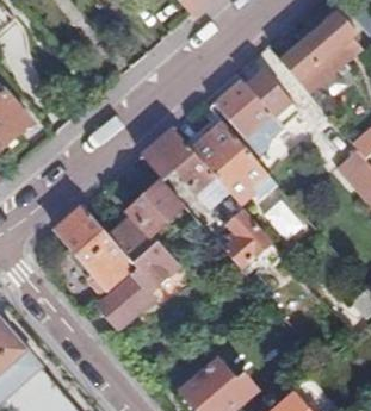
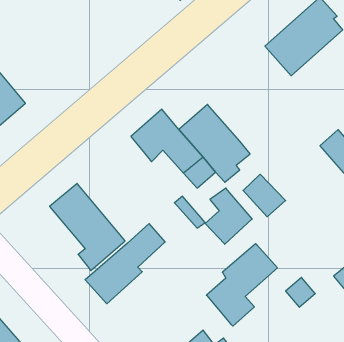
building: [209,74,301,161] -> none
building: [110,181,184,267] -> [206,244,277,326]

